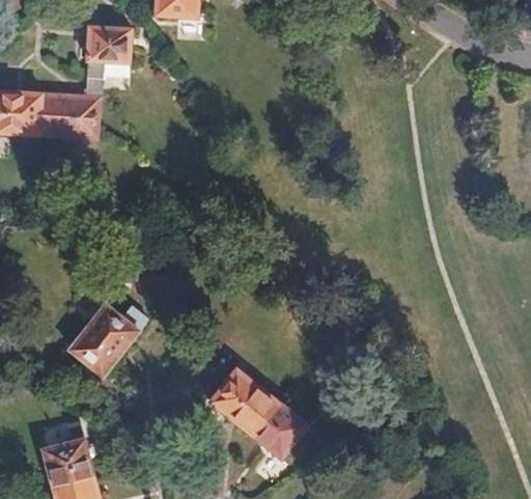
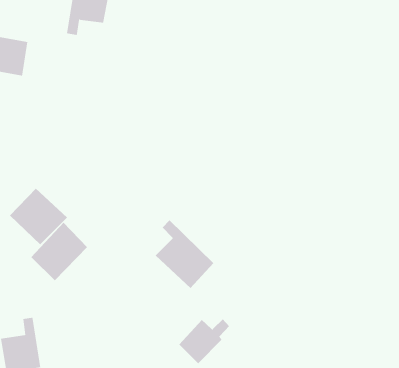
building: [38,80,99,140] -> none
building: none -> [9,188,68,245]
building: [208,358,280,438] -> [155,220,214,289]

